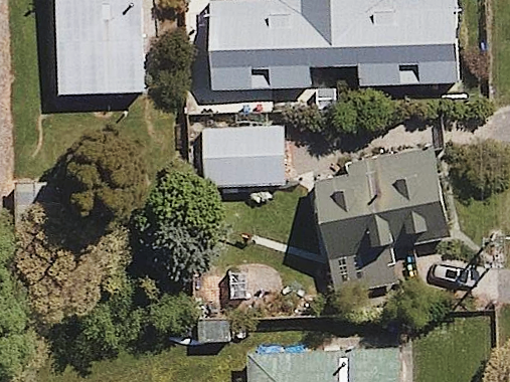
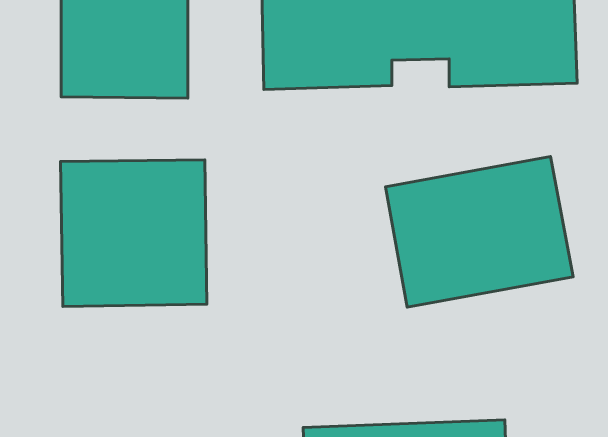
building: [197,117,290,189] -> none
building: none -> [61,160,207,307]

